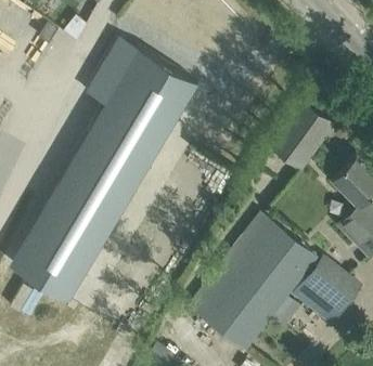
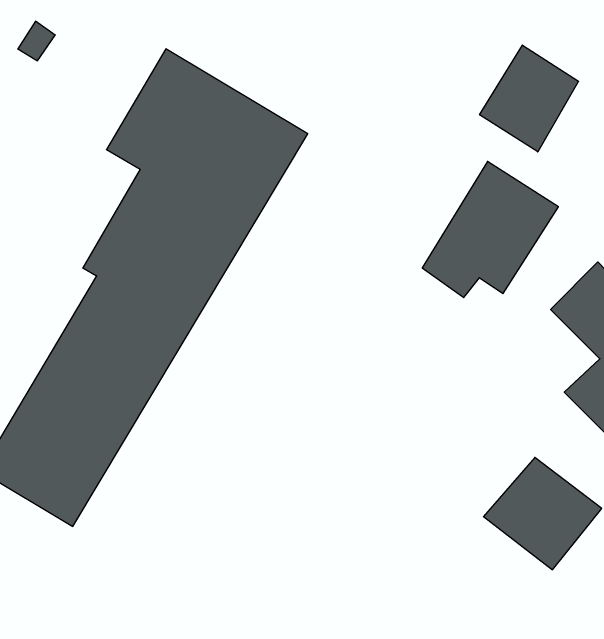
building: none -> [480,45,579,152]
building: [189,213,317,349] -> none

